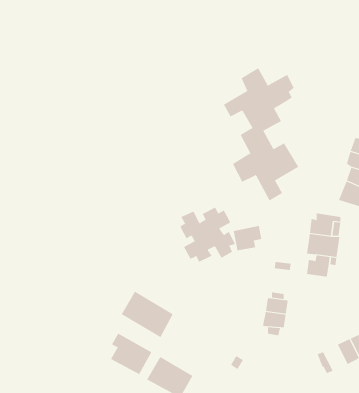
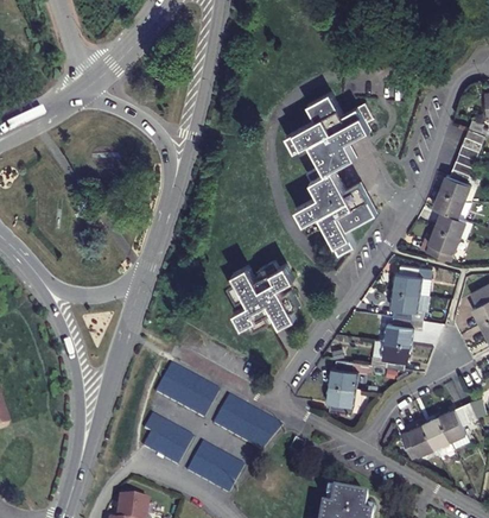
building: [233,225,262,251] -> none
building: none -> [373,339,409,369]
building: none -> [215,393,285,449]
building: none -> [405,425,433,457]

